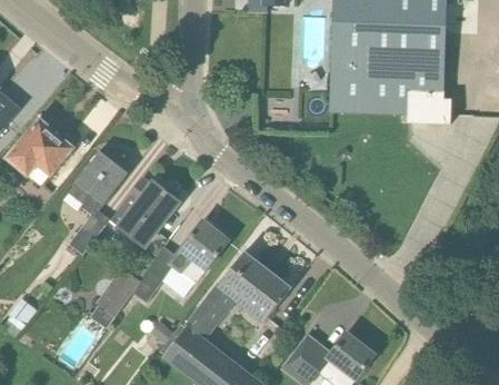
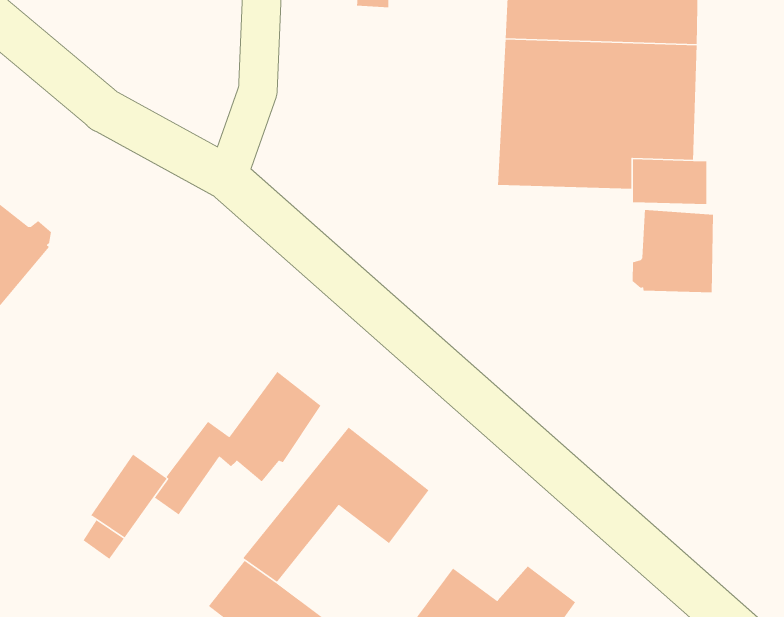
building: none -> [632,209,714,293]
building: [69,151,128,254] -> none
building: [109,181,179,247] -> none

